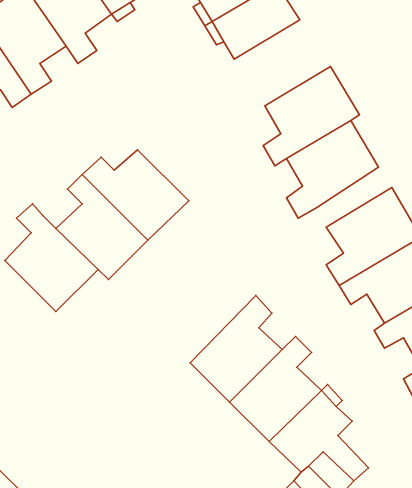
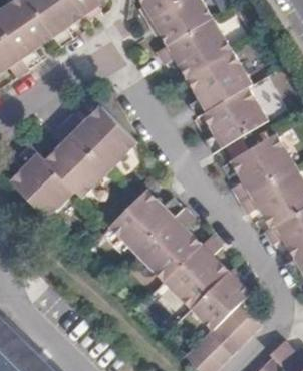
building: none -> [156,16,233,76]
building: none -> [108,190,182,253]

